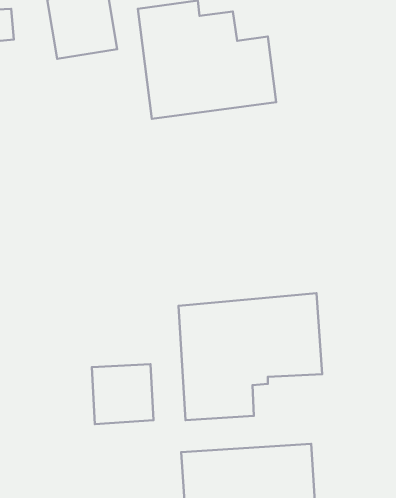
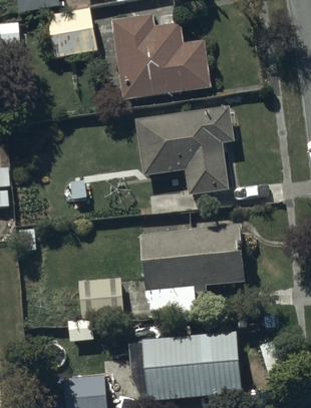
building: none -> [134,105,231,194]

